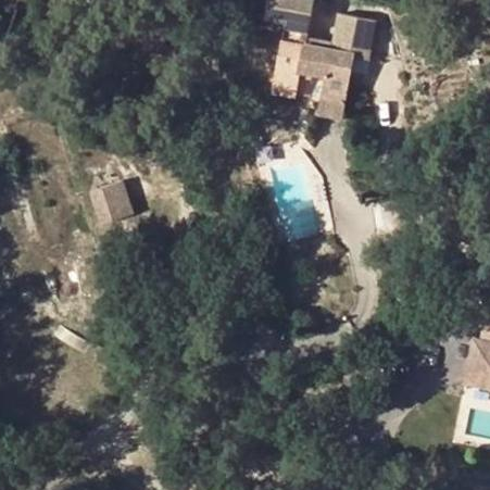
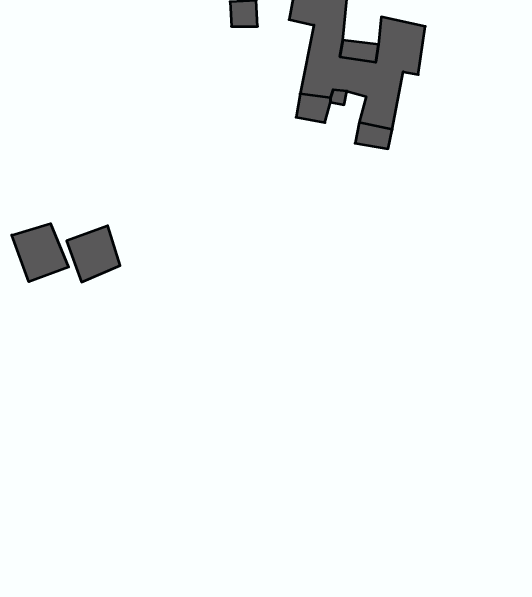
building: none -> [12,224,69,282]

